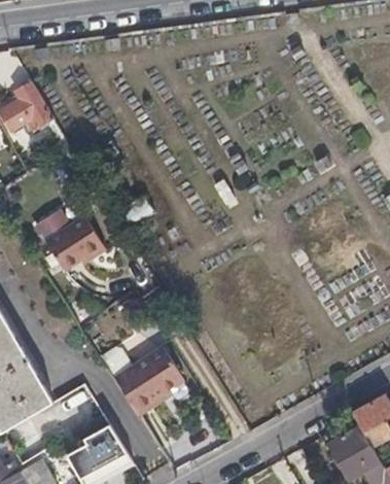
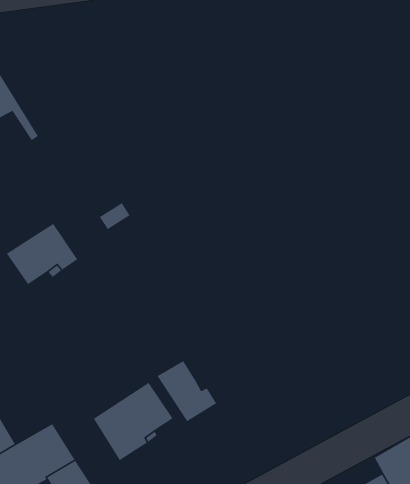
building: none -> [157,360,217,422]

